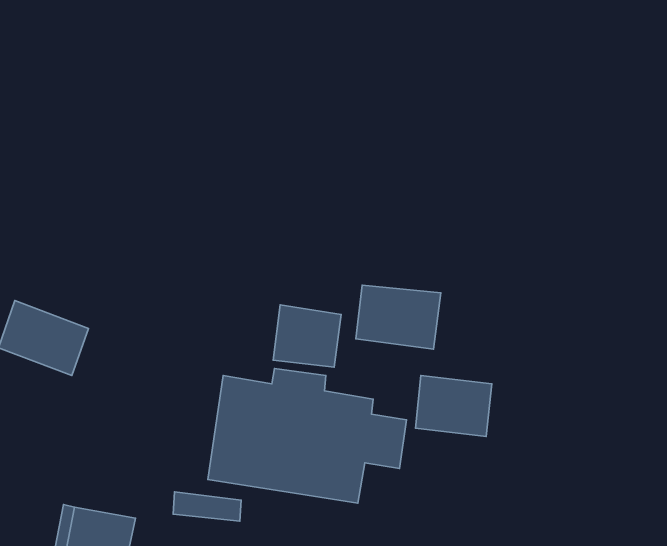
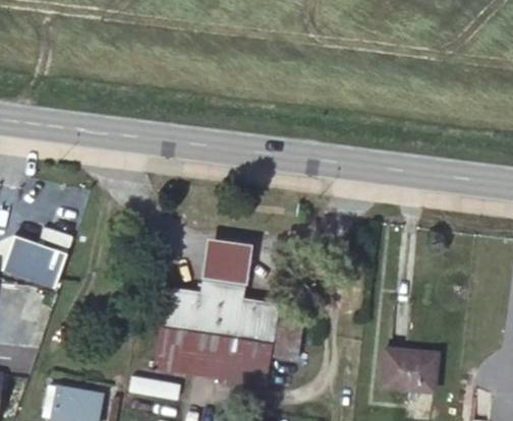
building: [356,285,441,349] -> none
building: [415,375,492,436] -> [383,349,439,394]

